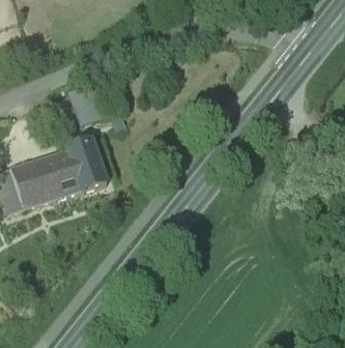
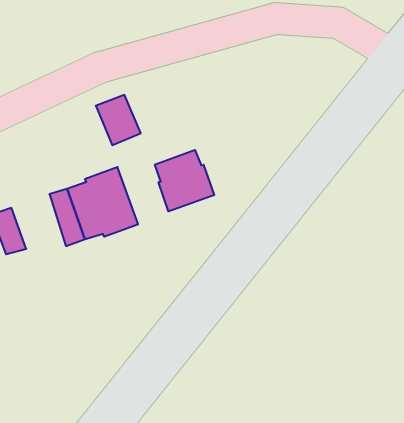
building: none -> [155,150,214,211]
building: [13,158,55,208] -> none

